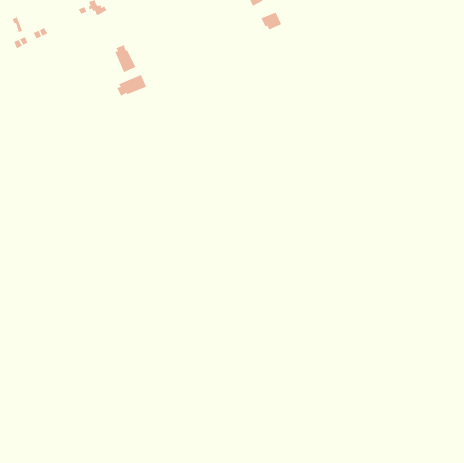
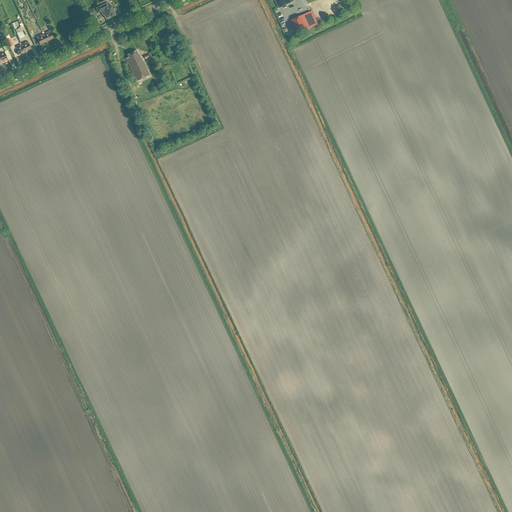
building: [116,74,147,97] -> none

